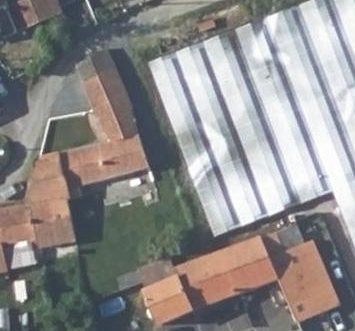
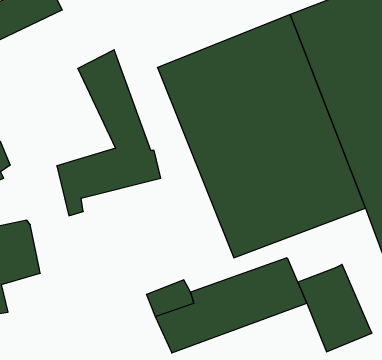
building: [28,153,77,259] -> none
building: [264,222,307,258] -> none

